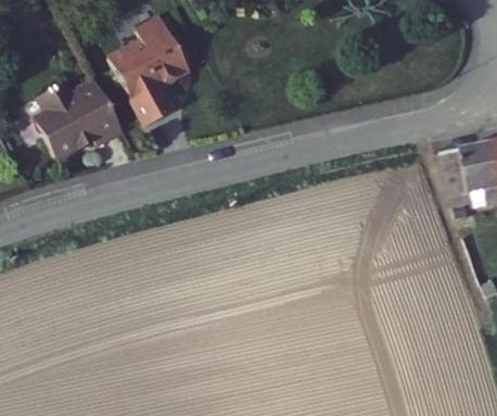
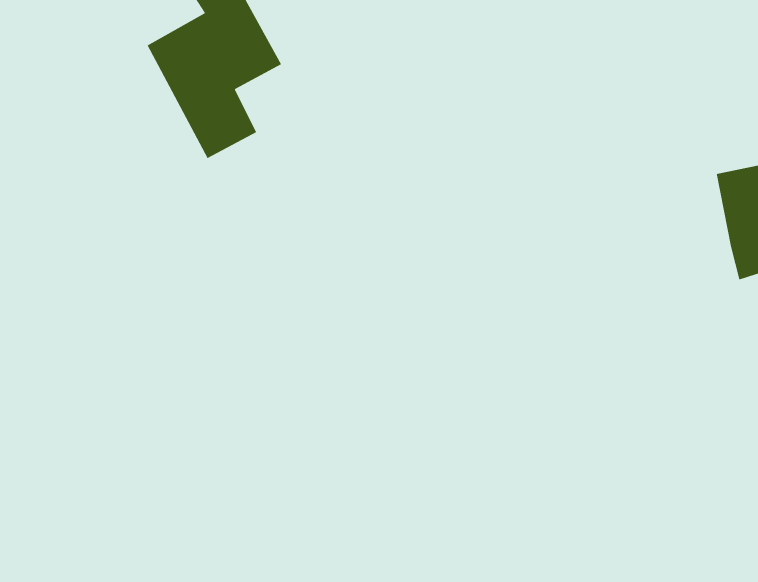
building: [50,86,125,155] -> none

